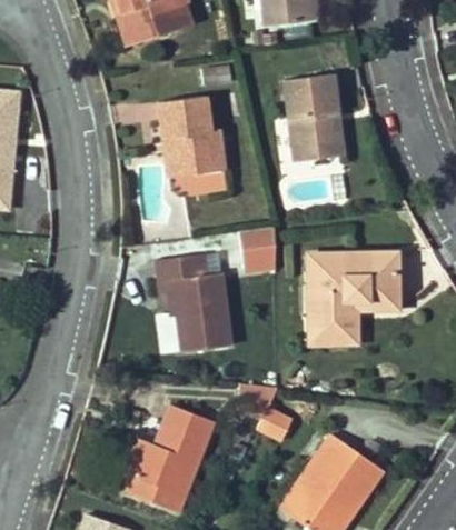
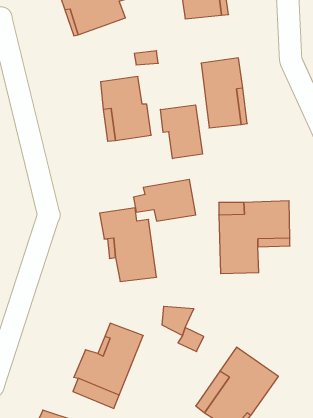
building: none -> [160,105,202,159]

